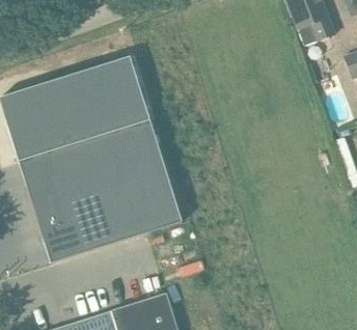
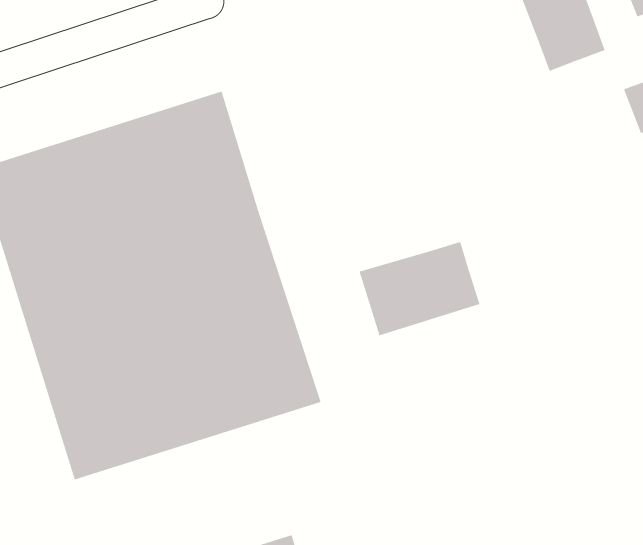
building: none -> [359,241,480,336]

